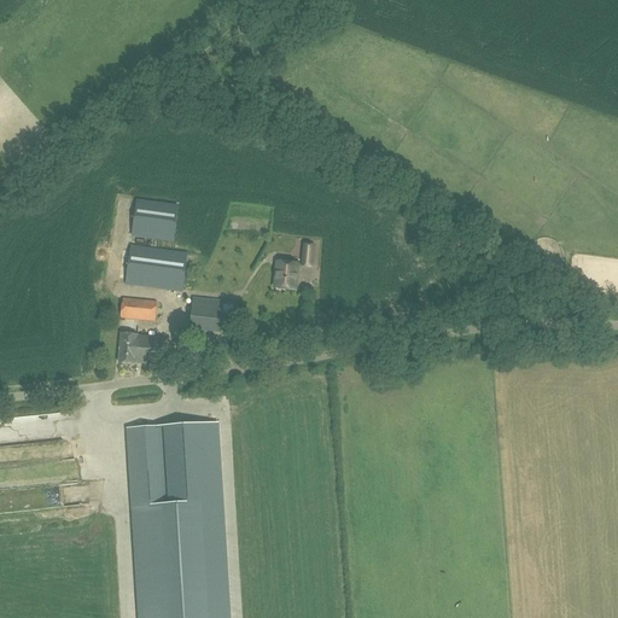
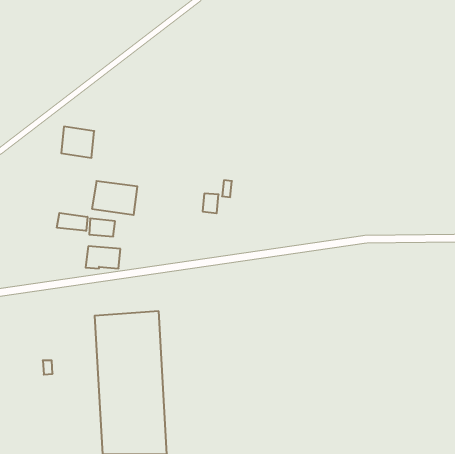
building: [132,198,176,240] -> [61,127,94,158]
building: none -> [57,213,87,231]
building: [190,297,223,331] -> none

